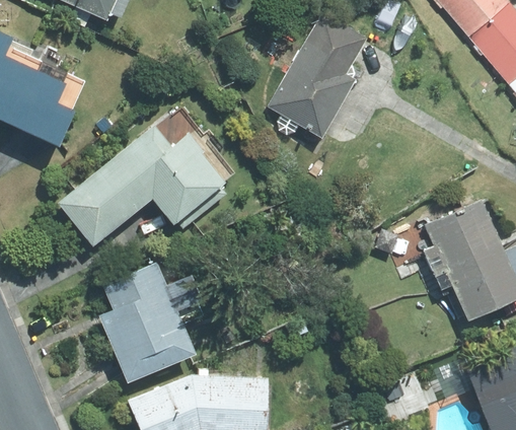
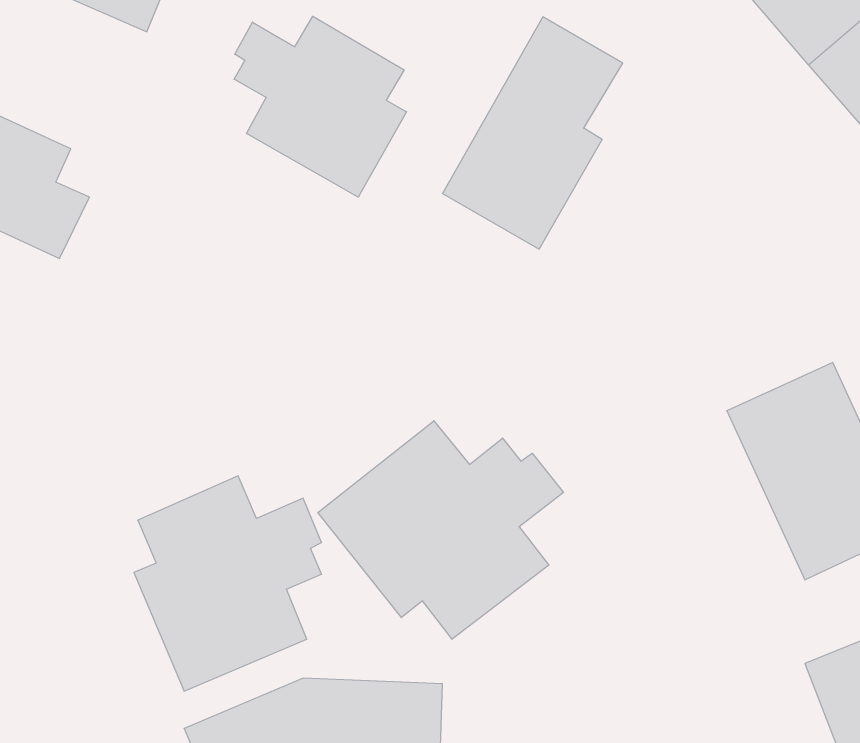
building: none -> [234,16,407,197]
building: [58,126,228,245] -> none
building: none -> [318,421,564,639]

